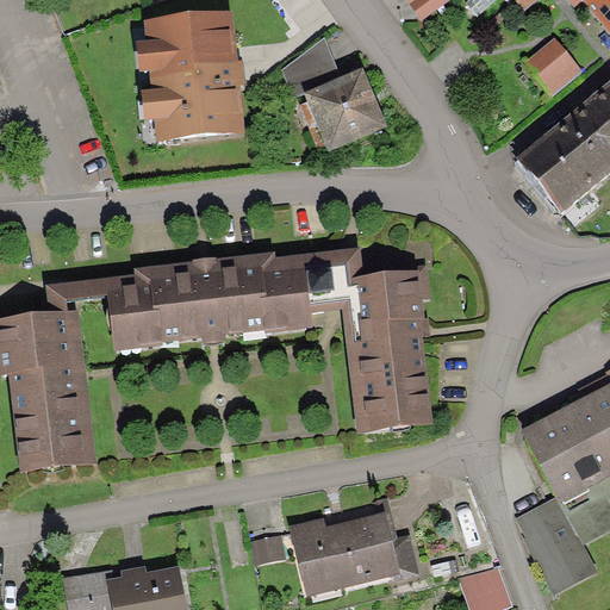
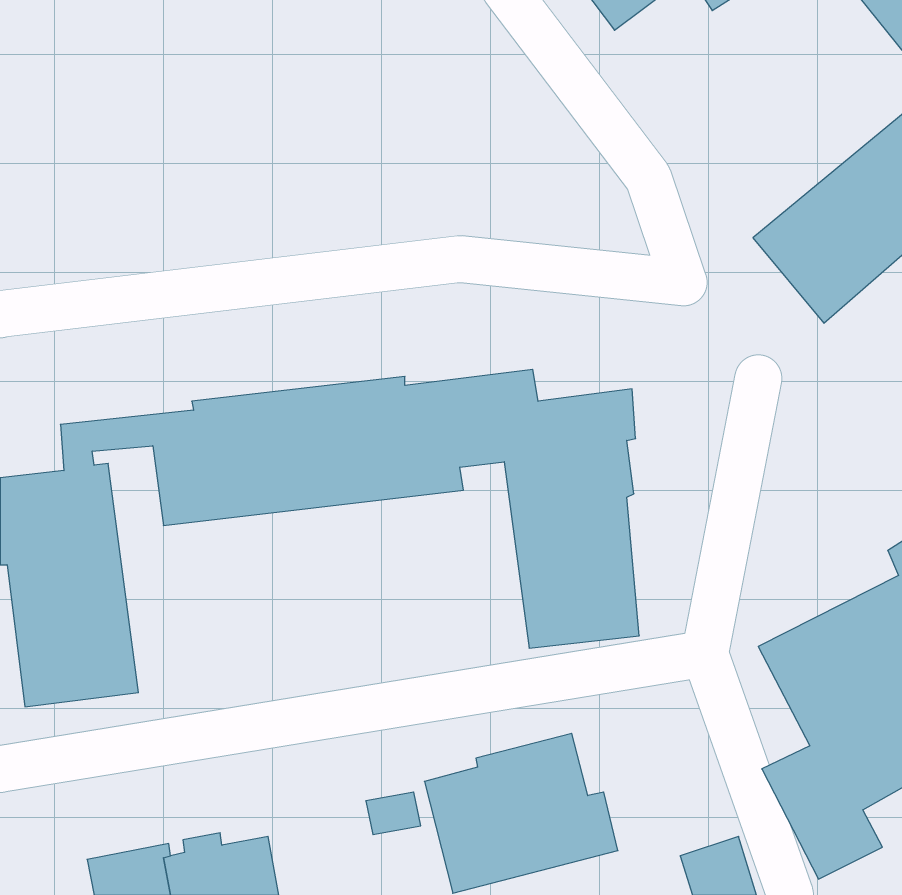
building: [136,15,244,145] -> none
building: [518,36,579,97] -> none
building: [280,37,387,154] -> none

